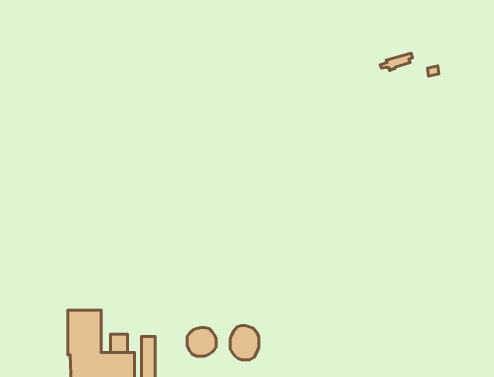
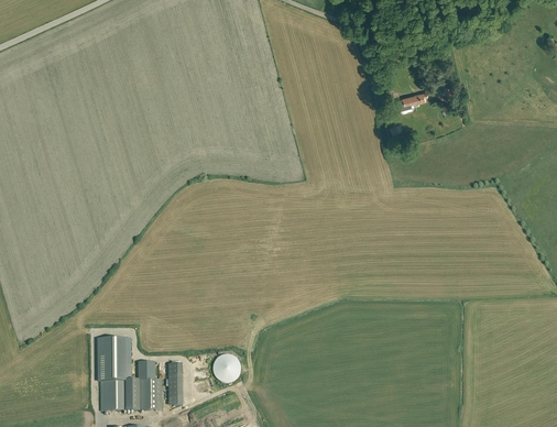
building: [230,325,259,360] -> none

